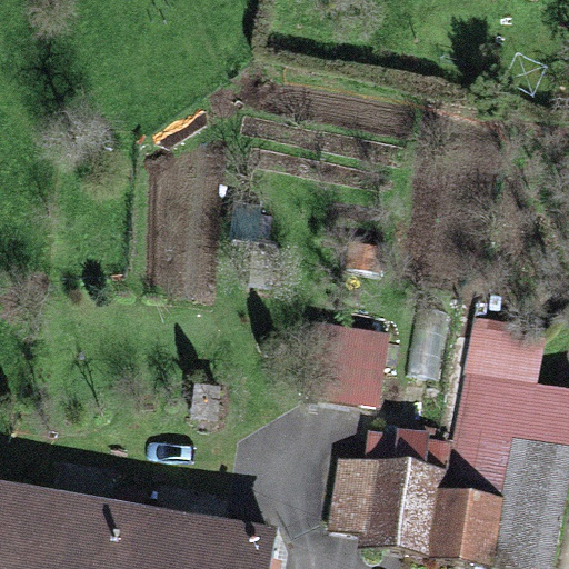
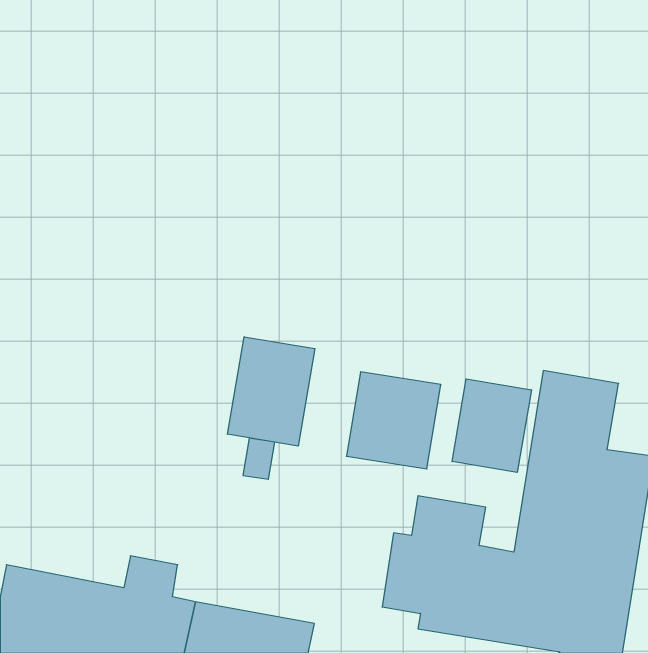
building: none -> [227,337,315,446]
building: none -> [452,379,531,472]

